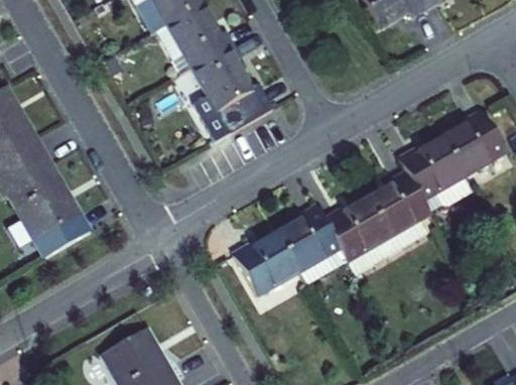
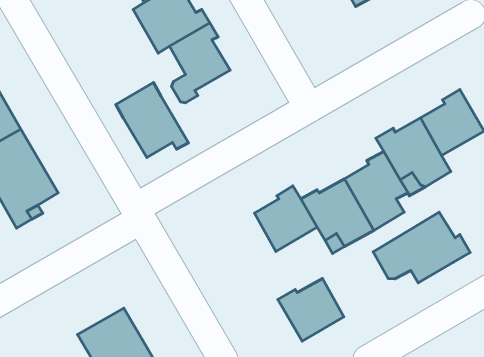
building: none -> [116,82,188,157]
building: none -> [373,212,470,283]
building: [232,234,297,296] -> [278,278,344,341]

